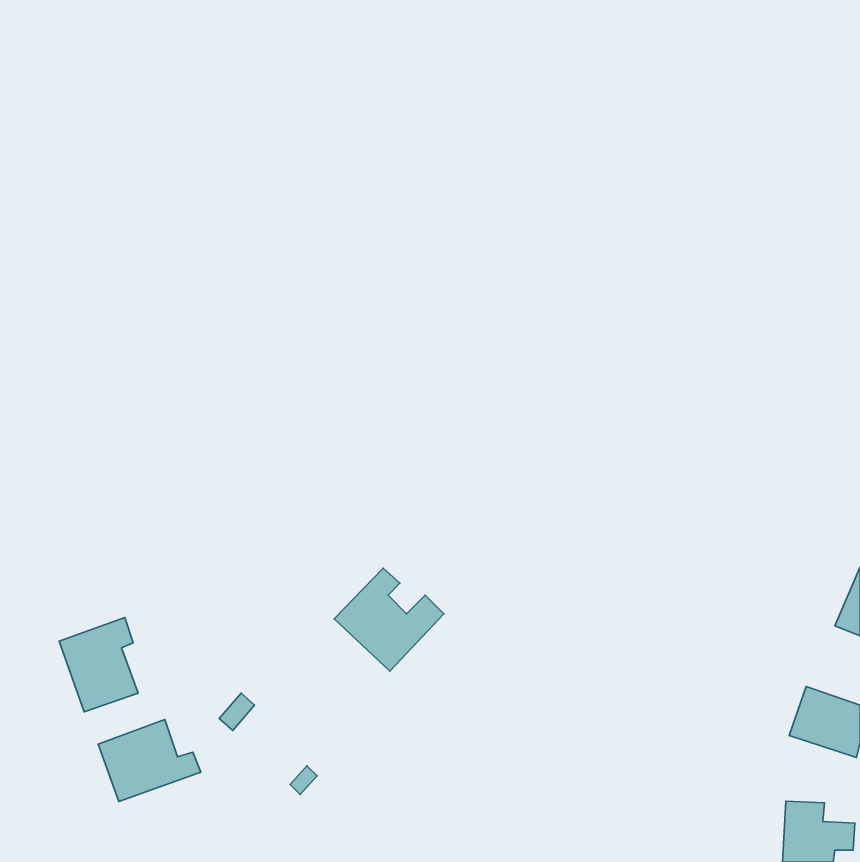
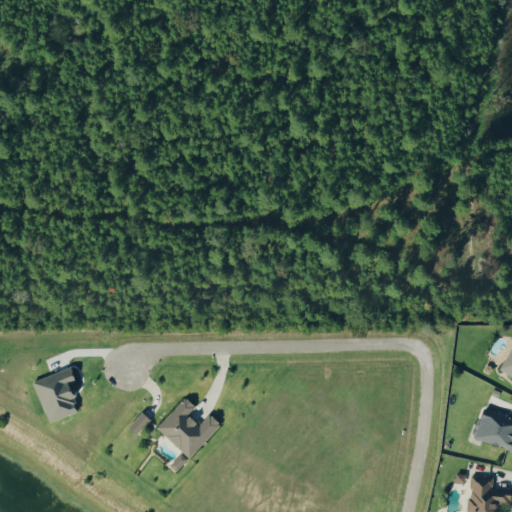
building: [334,568,444,671] -> [158,397,223,458]
building: [98,720,201,801] -> none

